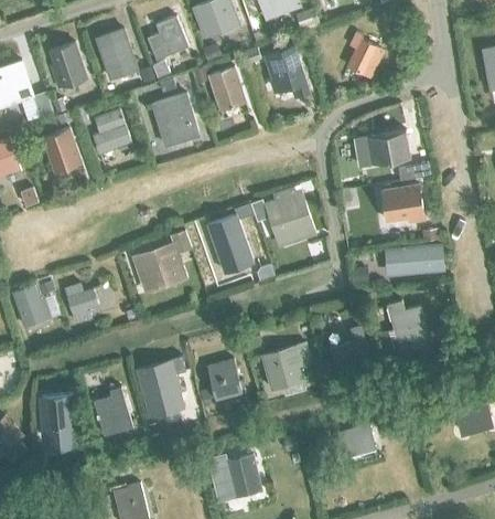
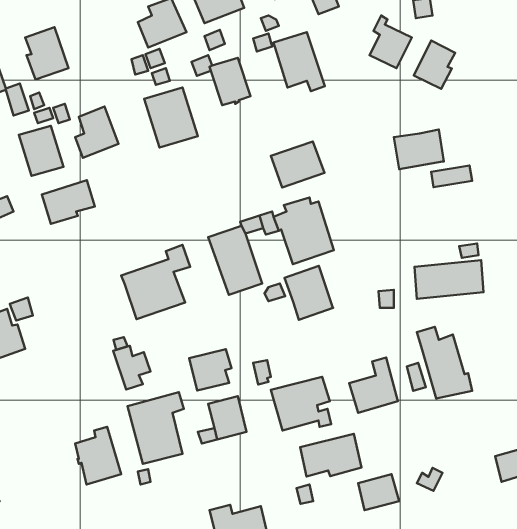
building: [96,30,137,78] -> none
building: none -> [414,41,455,89]
building: none -> [271,141,324,187]
building: none -> [42,180,95,224]
building: [381,184,427,225] -> none
building: none -> [284,266,333,320]
building: [64,285,96,322] -> [113,346,150,389]
building: none -> [189,349,231,390]
building: none -> [300,434,362,476]
building: [41,394,74,446] -> none

